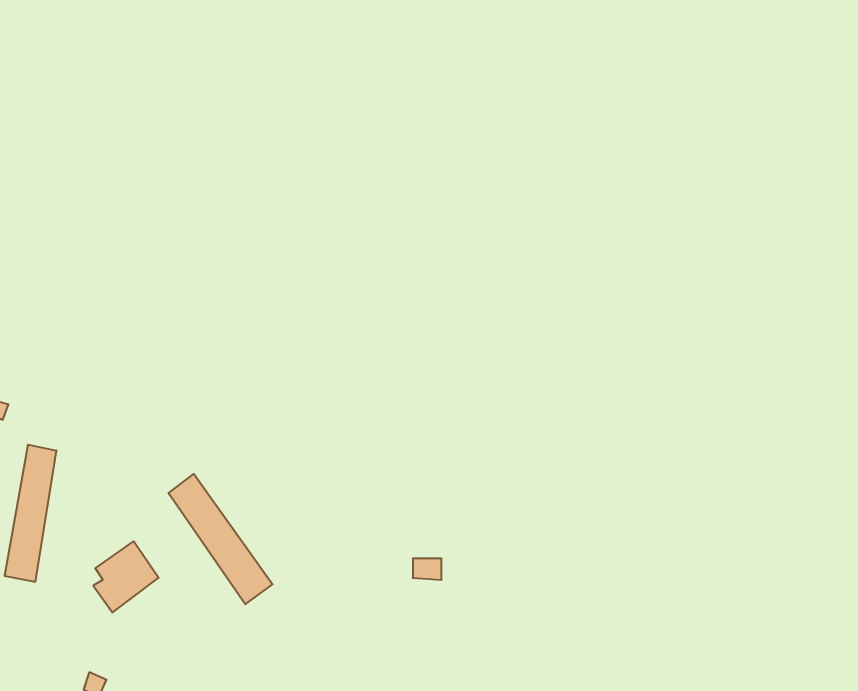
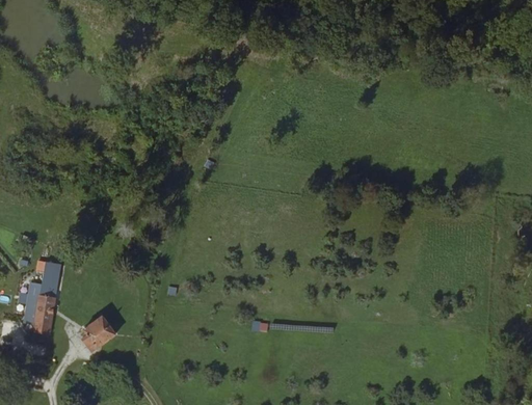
building: [168,474,273,604] -> none

